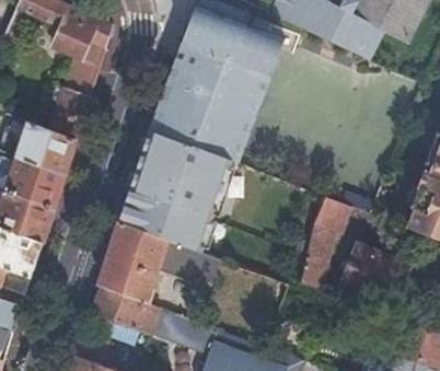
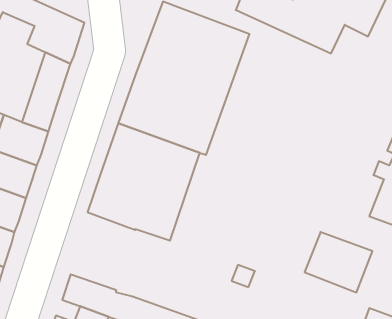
building: [302,196,352,290] -> none
building: [99,222,218,303] -> none

